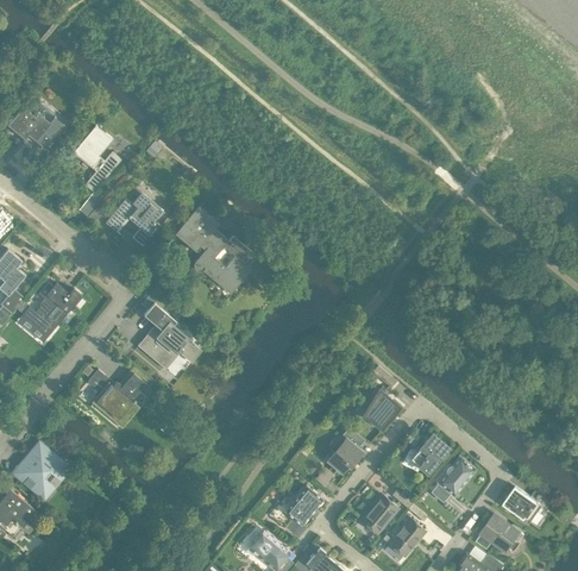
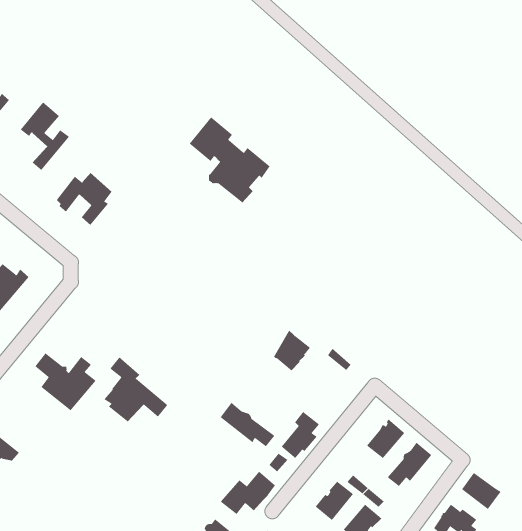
building: [174,206,253,290] -> [189,117,270,203]
building: [138,303,201,368] -> [103,356,168,422]
building: [362,389,398,429] -> [273,330,311,371]
building: none -> [220,402,275,447]

